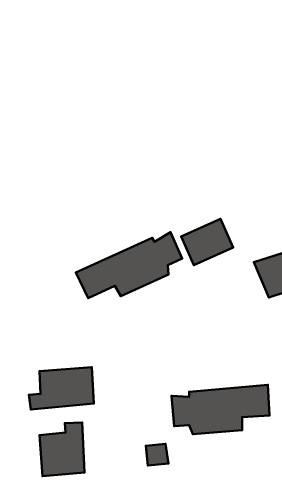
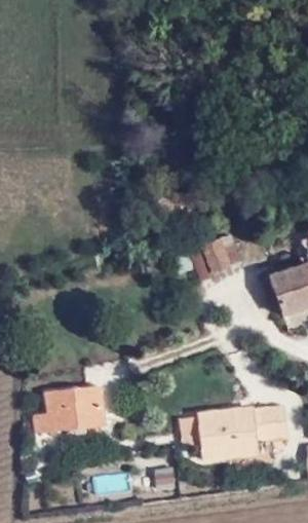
building: [76,232,182,298] -> none
building: [40,423,85,476] -> none

